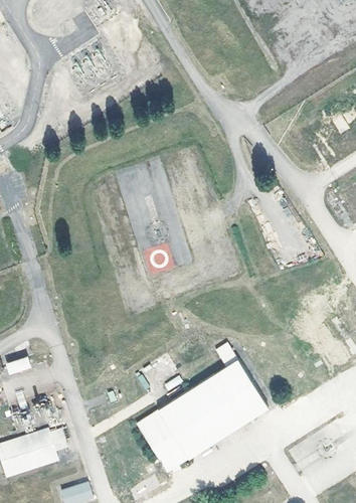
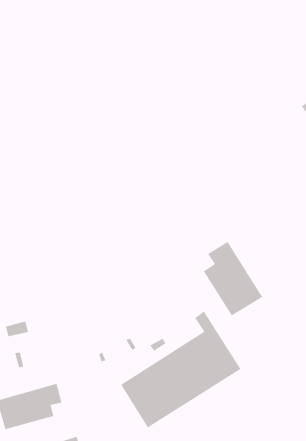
building: none -> [203,241,263,316]

